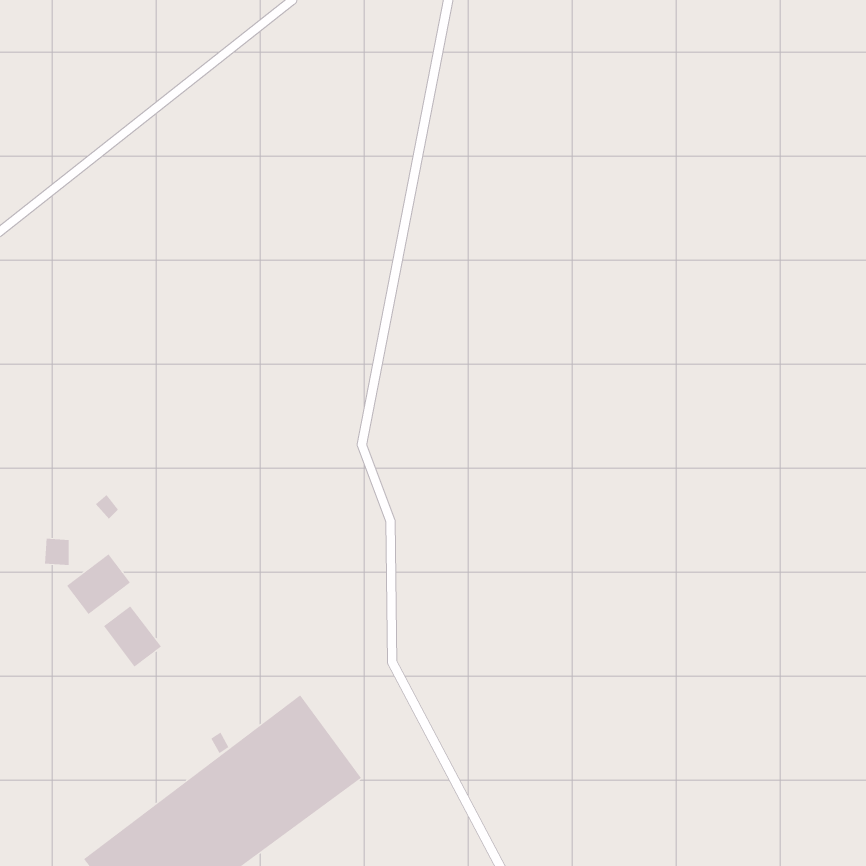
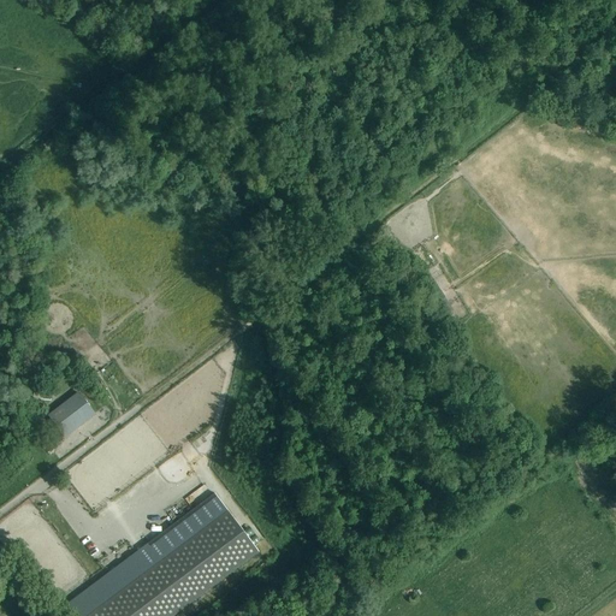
building: [103,605,162,667] -> none

